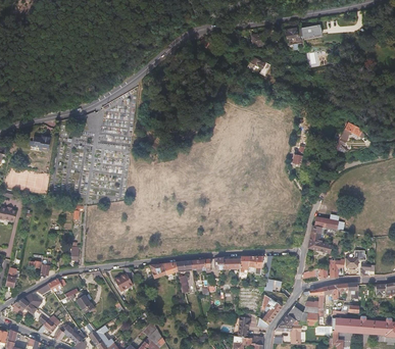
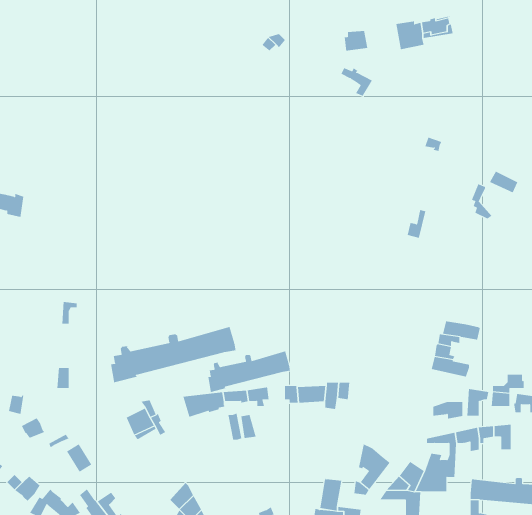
building: none -> [111,326,236,383]
building: none -> [208,351,291,393]

